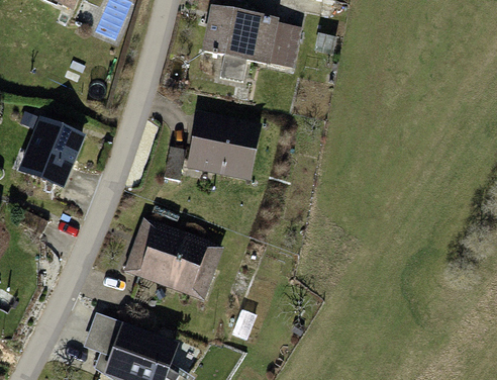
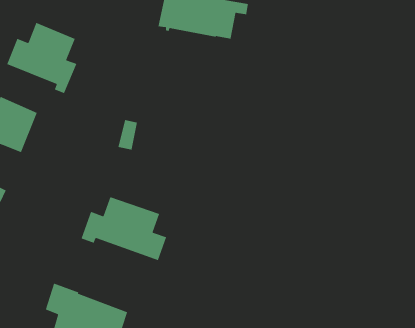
building: none -> [6,22,77,94]
building: [193,118,253,169] -> none

